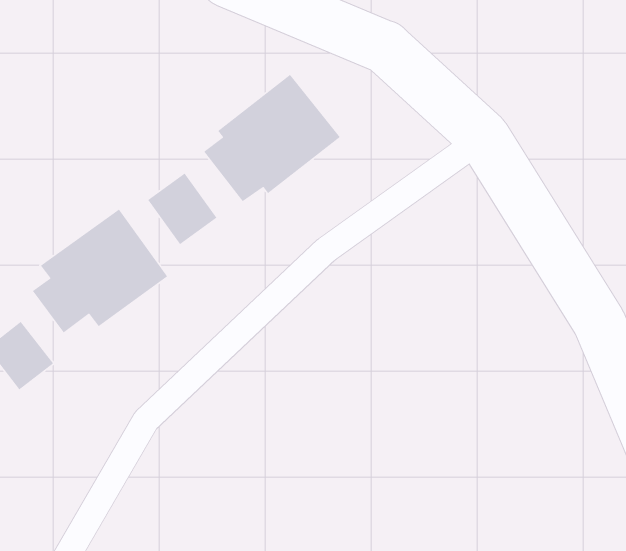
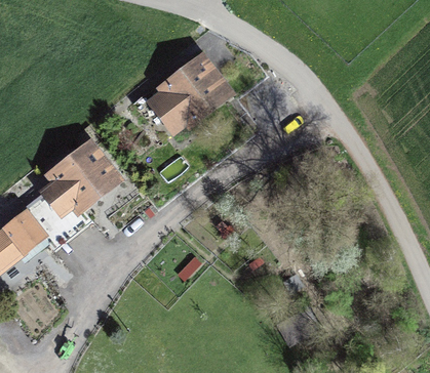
building: [147,172,218,245] -> none

